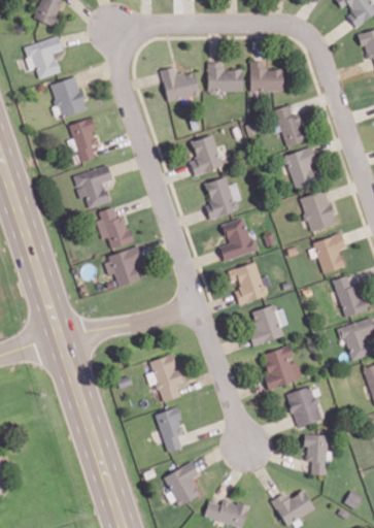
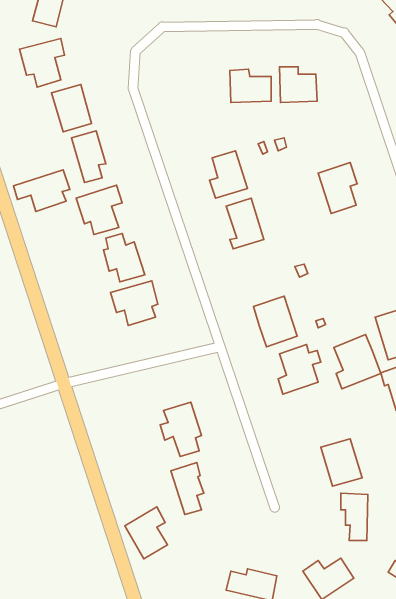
building: [161,64,200,101] -> none
building: [274,103,308,146] -> none
building: none -> [13,170,70,212]
building: [300,189,337,232] -> none
building: [219,218,259,261] -> none
building: [313,232,347,273] -> none
building: [262,343,303,391] -> [334,335,381,389]
building: [164,461,201,506] -> [125,507,167,559]

